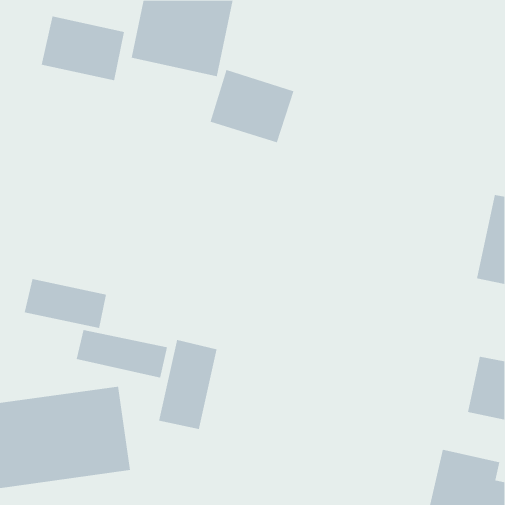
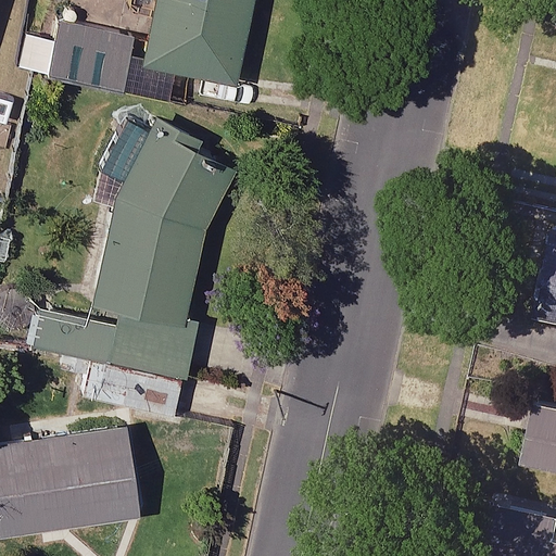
building: [210,69,294,143] -> none
building: none -> [93,127,237,327]
building: [158,339,217,430] -> none

